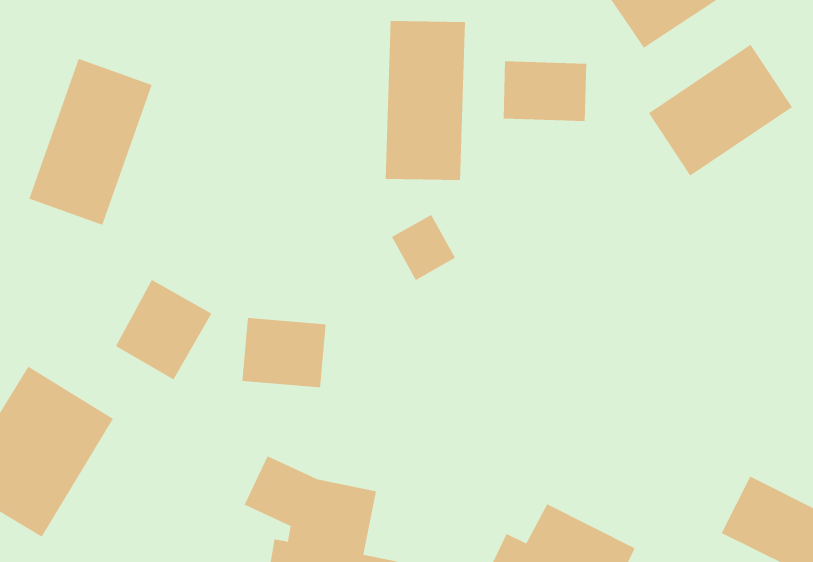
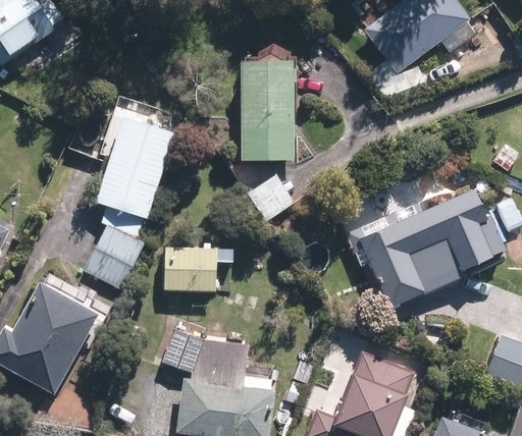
building: [648,44,793,177] -> none
building: [29,58,153,225] -> [98,119,168,219]
building: [503,61,587,122] -> none
building: none -> [364,194,503,304]

